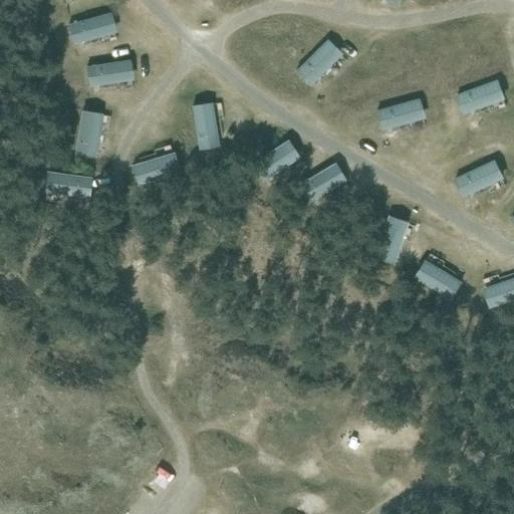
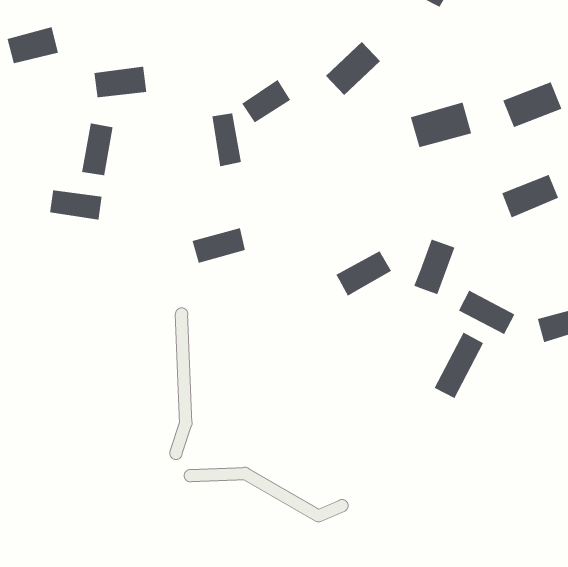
building: [69,10,116,44] -> [7,26,59,64]
building: [254,141,299,181] -> [241,79,291,123]
building: [132,152,181,185] -> [191,227,246,264]
building: [295,163,346,205] -> [335,250,392,297]
building: none -> [433,331,484,399]

